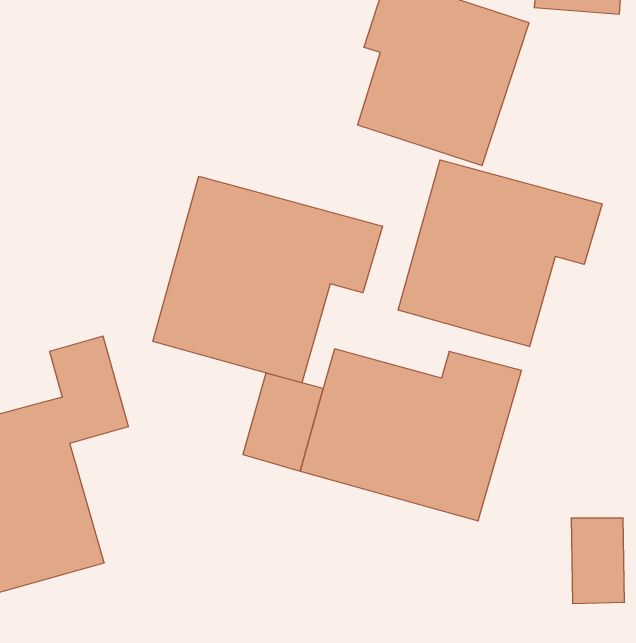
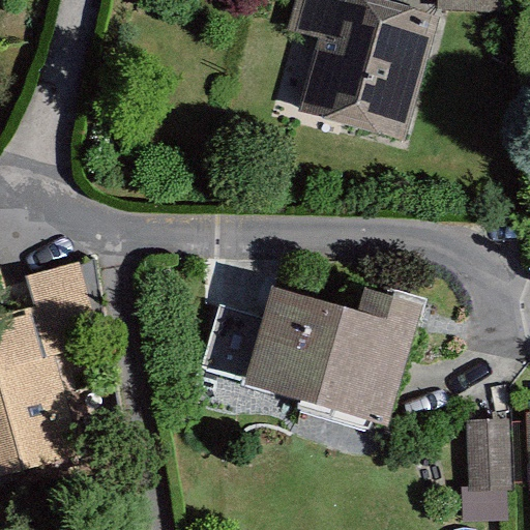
building: [398,160,602,347] -> none
building: [153,176,383,383] -> none

